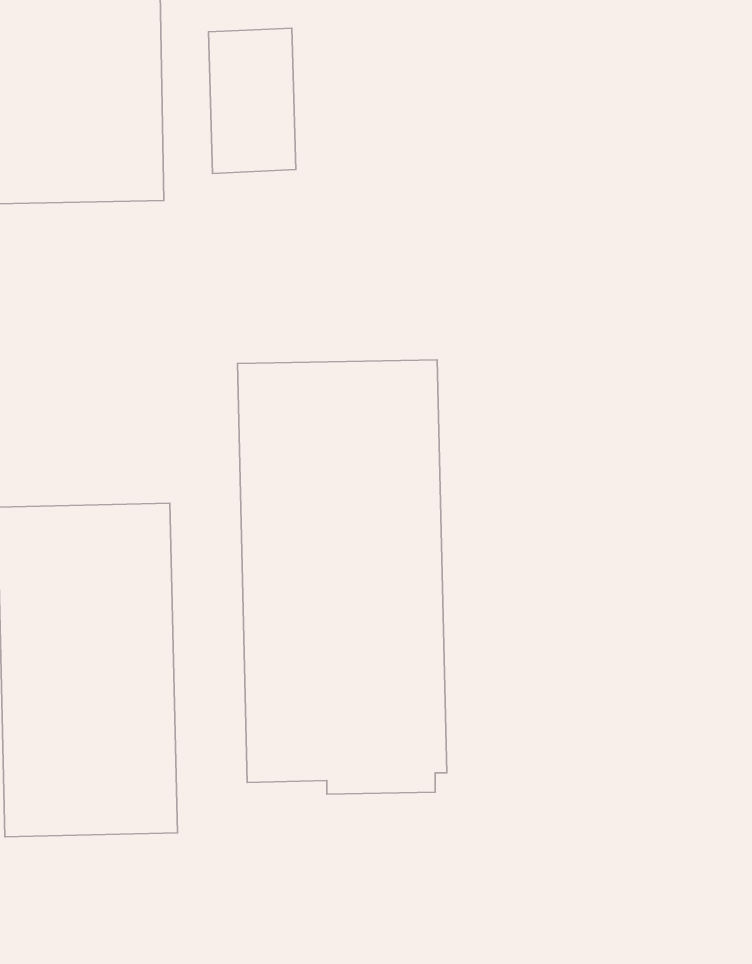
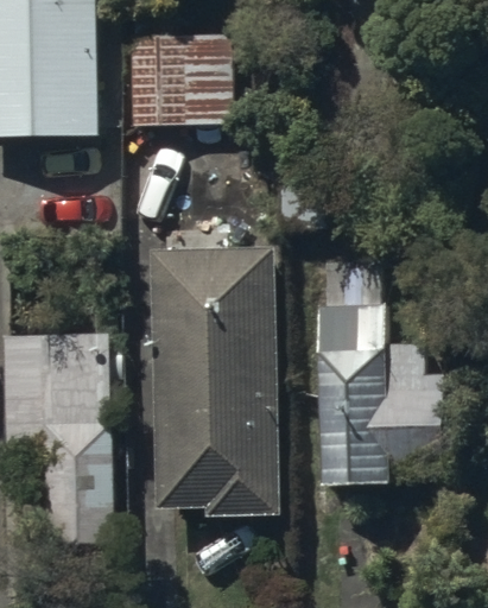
building: none -> [318,289,449,492]

